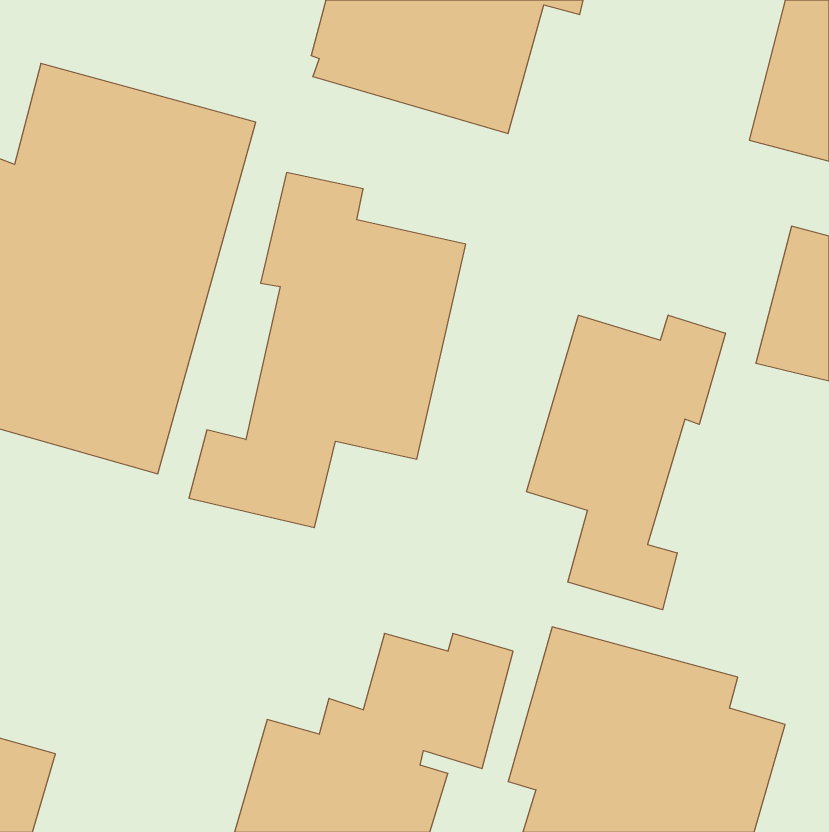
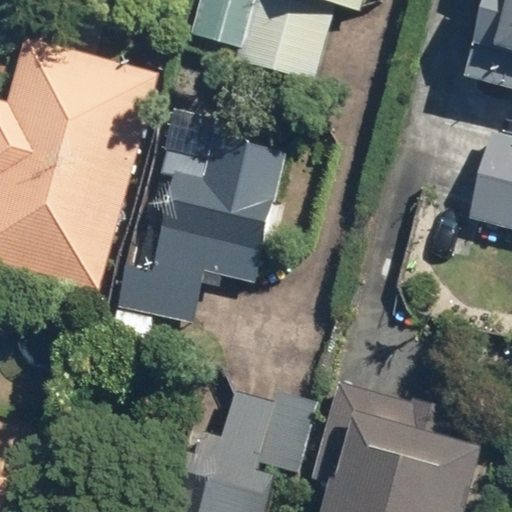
building: [526,315,725,610] -> none

